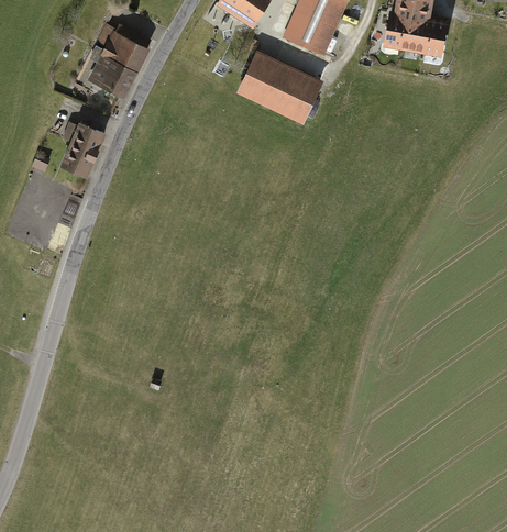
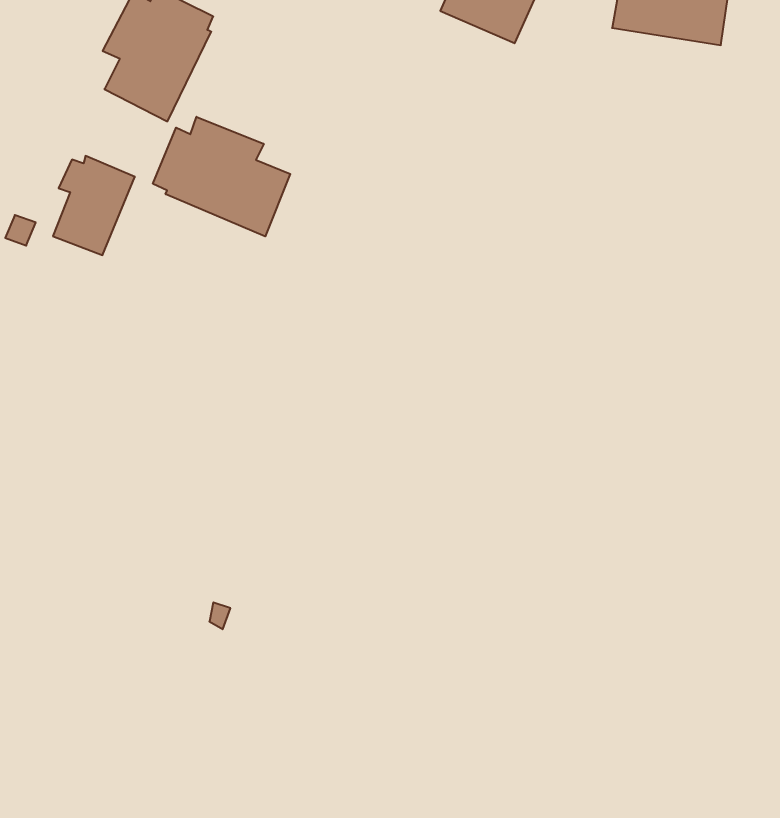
building: [235,49,323,123] -> none
building: none -> [153,117,290,236]

